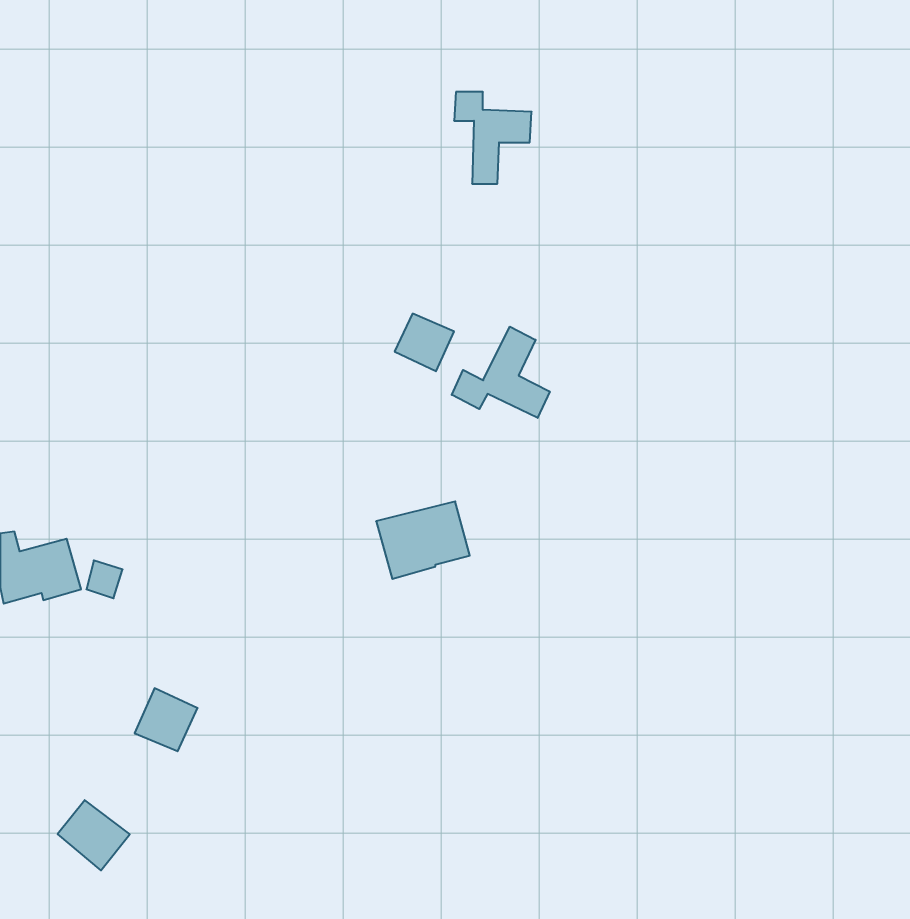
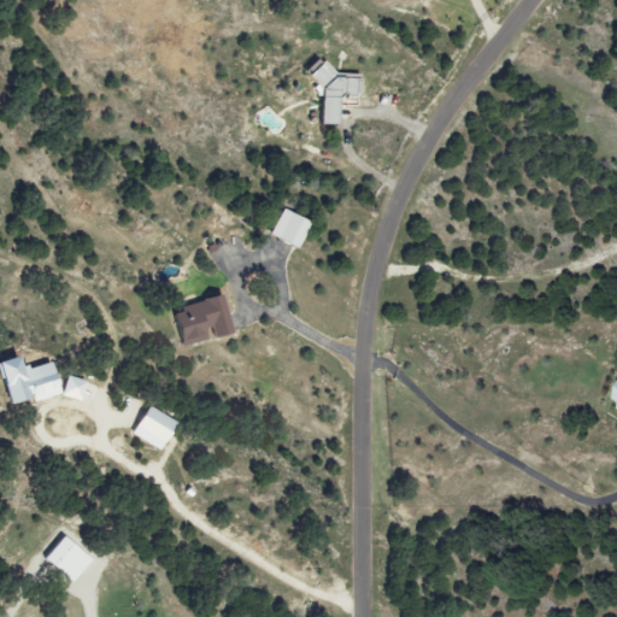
building: [452,327,550,418] -> none
building: [376,501,470,579] -> [174,295,236,347]
building: [135,688,198,751] -> [135,405,177,447]

